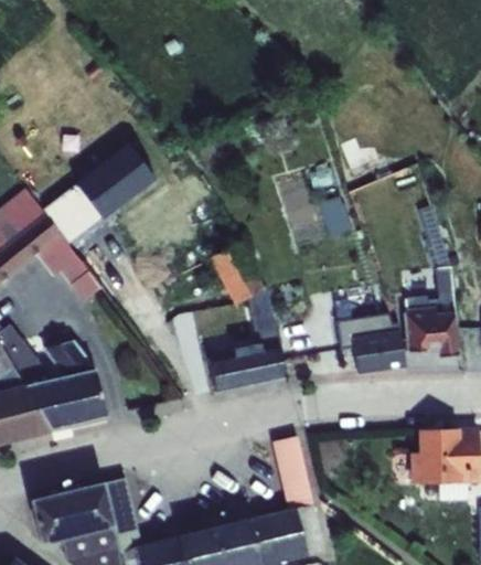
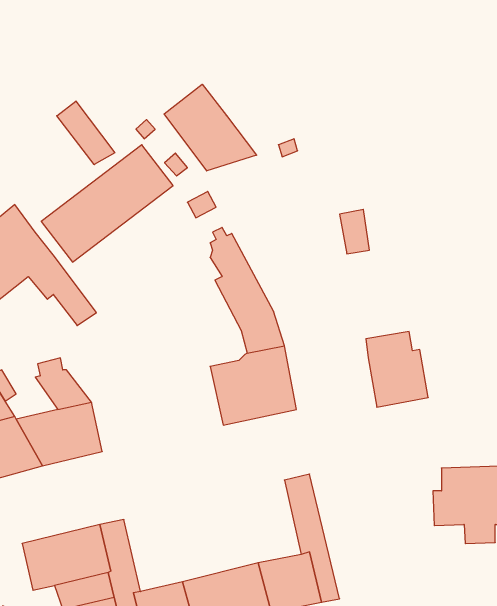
building: none -> [164,84,257,171]
building: none -> [57,101,115,165]
building: [404,267,459,358] -> none

